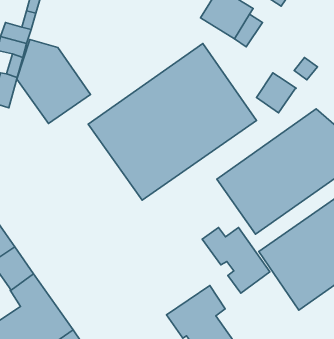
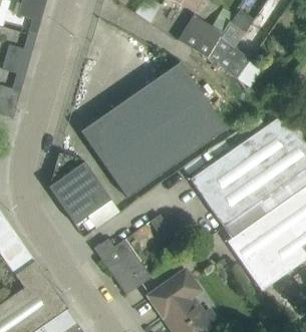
building: [17,39,91,124] -> [48,152,111,225]
building: [256,73,296,113] -> [217,44,251,78]
building: [202,228,270,293] -> [93,239,151,295]

